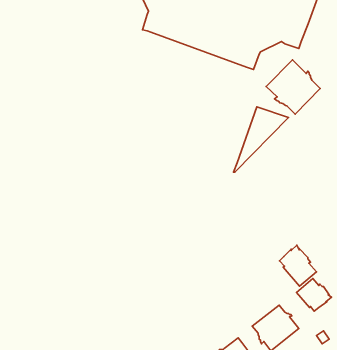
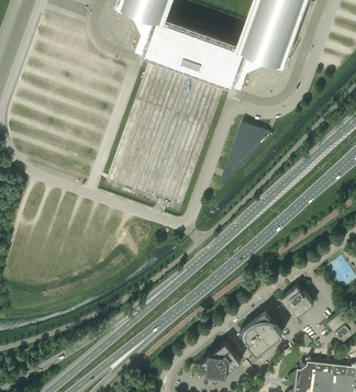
building: [266,60,320,114] -> none
building: [280,245,316,286] -> none

